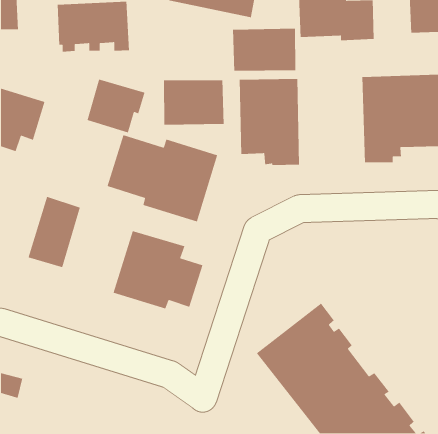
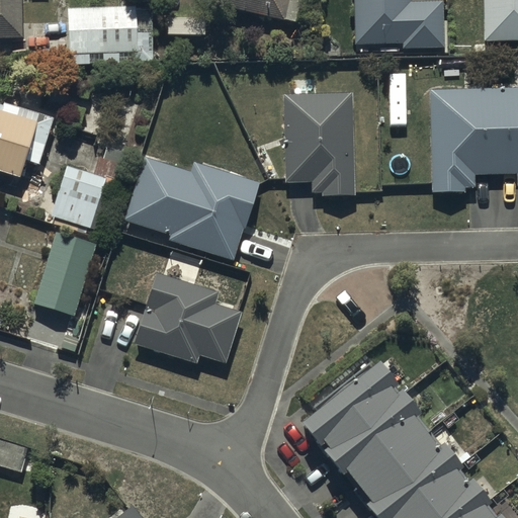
building: [232,28,296,72] -> none
building: [86,78,146,133] -> [52,165,121,230]
building: [163,79,224,126] -> none

